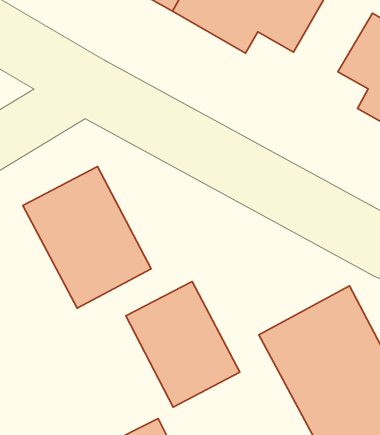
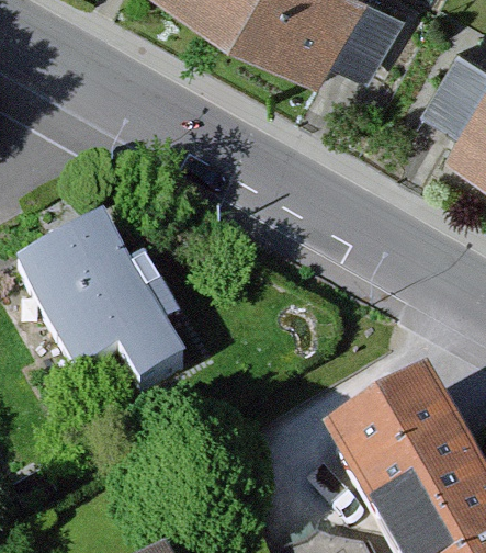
building: [126,281,240,407] -> none

